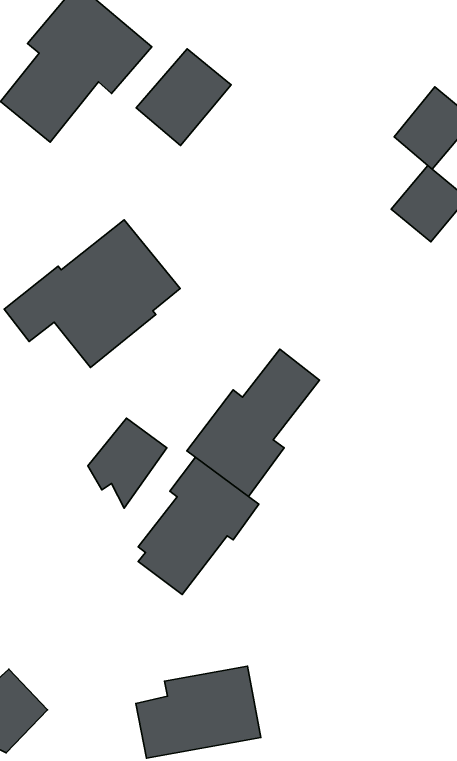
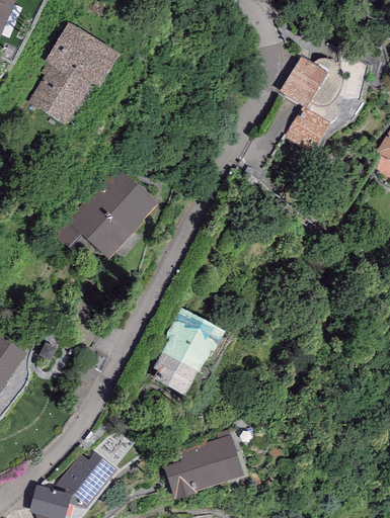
building: [136,49,231,146] -> none
building: [187,349,320,496] -> none
building: [88,418,167,508] -> none

